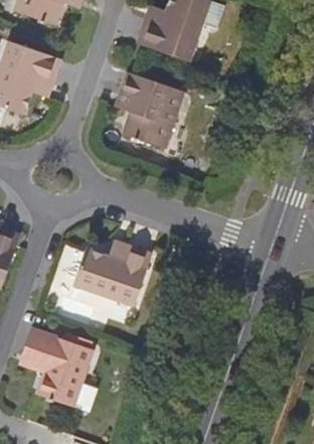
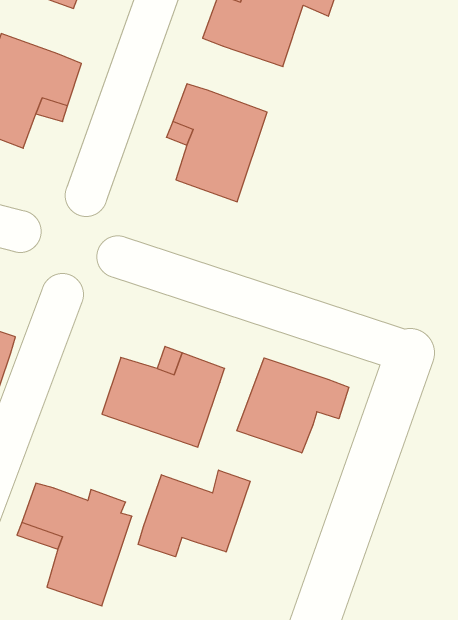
building: none -> [237,358,349,453]
building: none -> [138,470,250,557]

